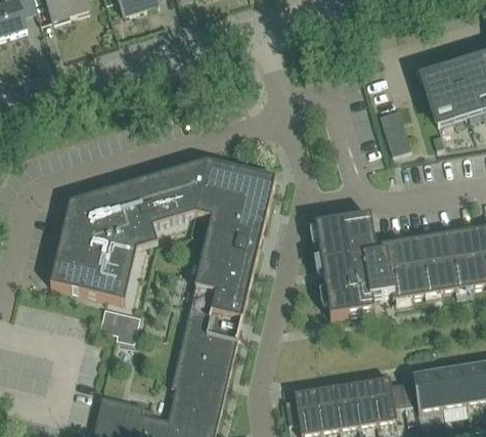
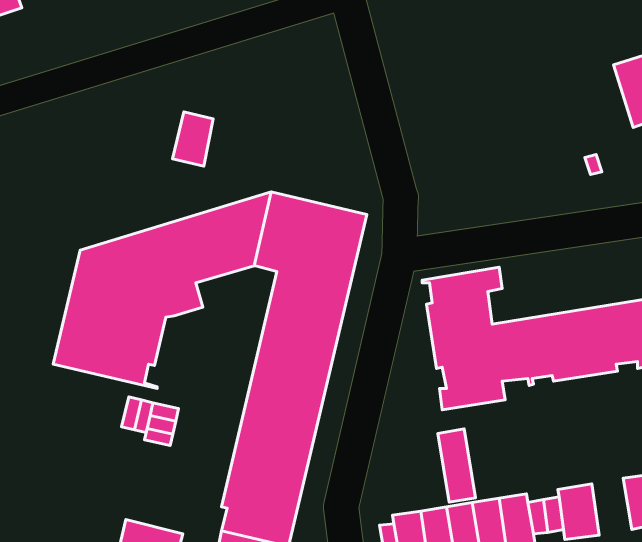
building: [423,68,467,123] -> none
building: none -> [173,112,213,166]
building: [380,106,411,152] -> none
building: none -> [438,429,476,502]
building: [437,364,466,405] -> none

